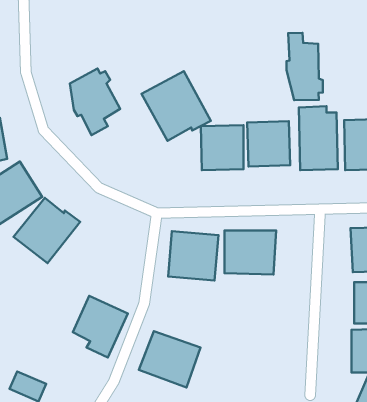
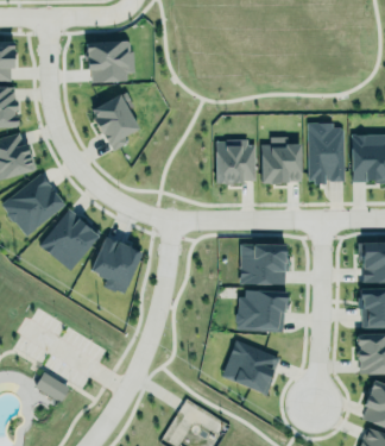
building: none -> [88,40,134,83]
building: [286,33,323,100] -> none
building: [141,71,211,141] -> none
building: [168,231,218,280] -> [239,285,286,332]
building: [73,296,128,357] -> [91,237,144,295]
building: [139,331,200,388] -> [222,341,280,395]

